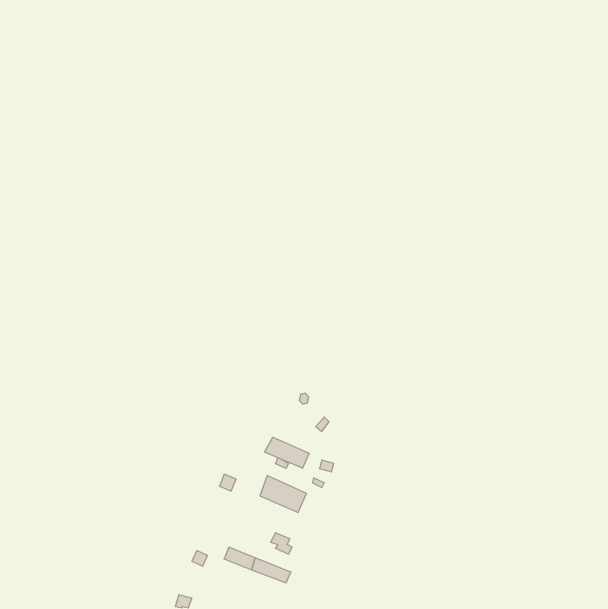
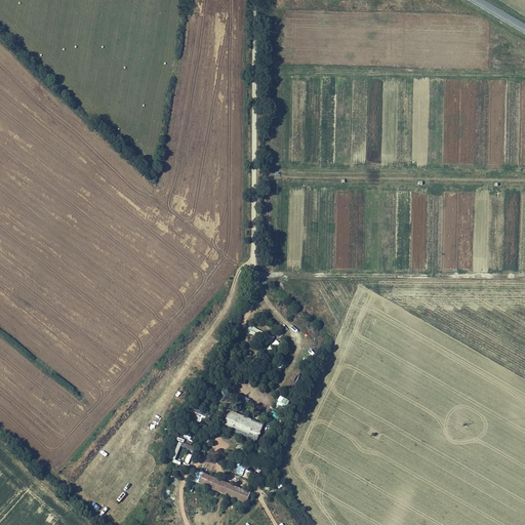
building: [265,437,309,468] -> none

